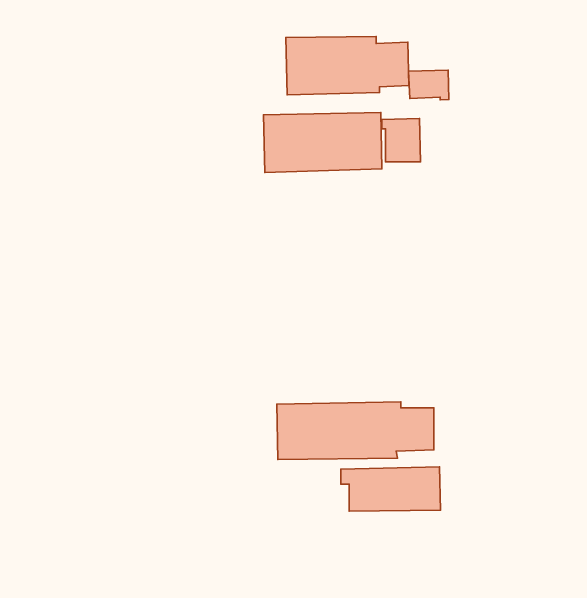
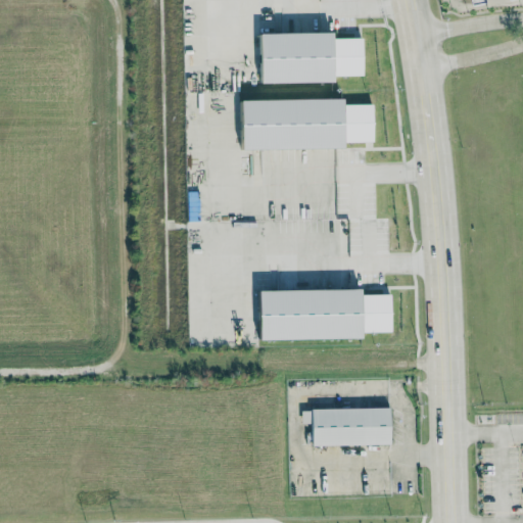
building: [409,70,449,100] -> none
building: [277,402,434,459] -> [257,289,394,339]

